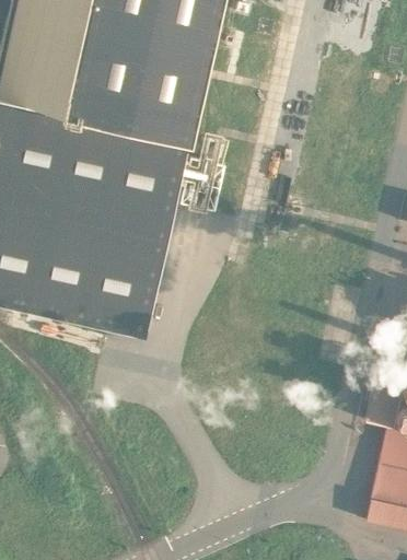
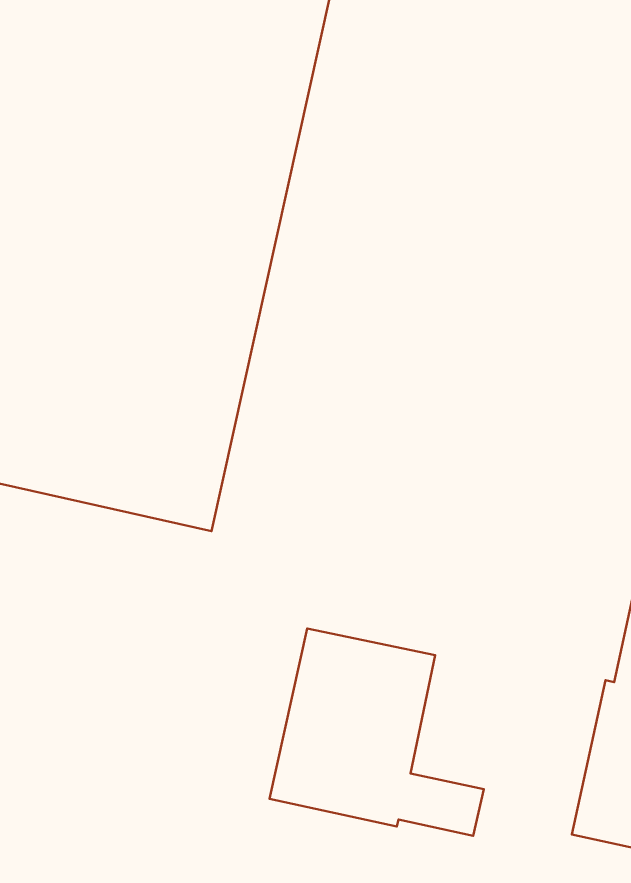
building: none -> [270,629,484,836]

